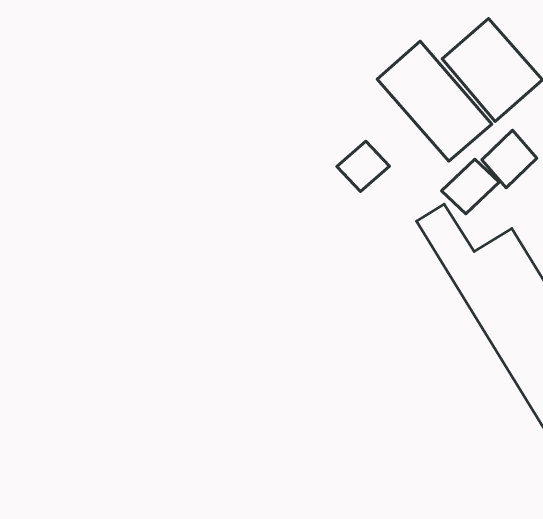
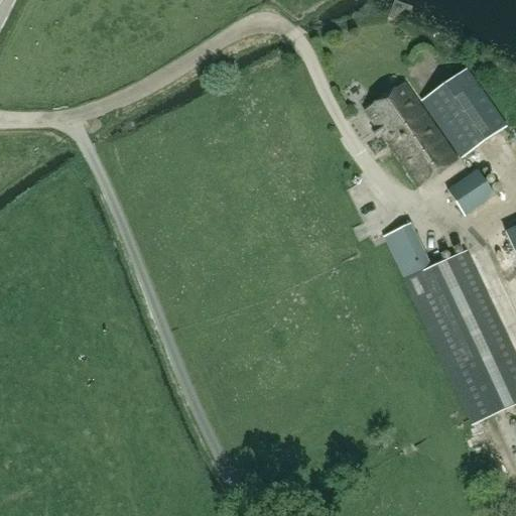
building: [337,141,389,192] -> none
building: [442,159,499,214] -> none

